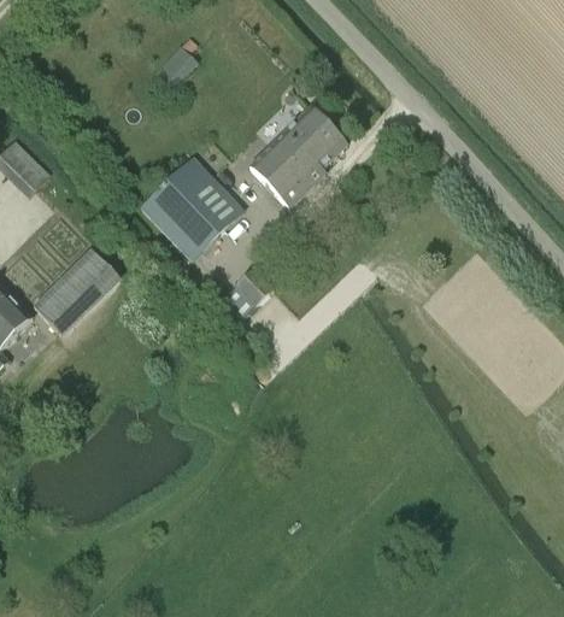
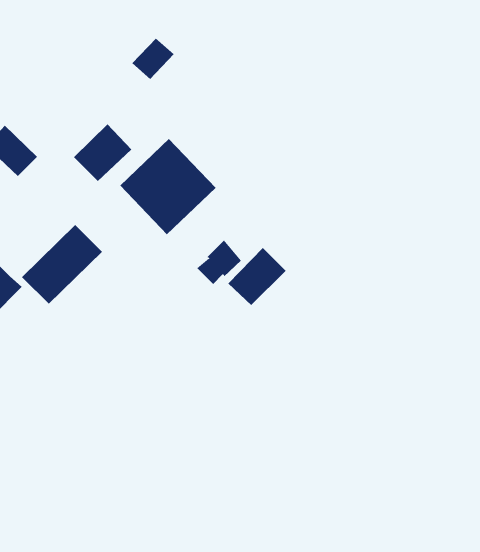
building: [249,107,346,207] -> none
building: none -> [73,124,132,182]
building: none -> [227,247,287,306]

